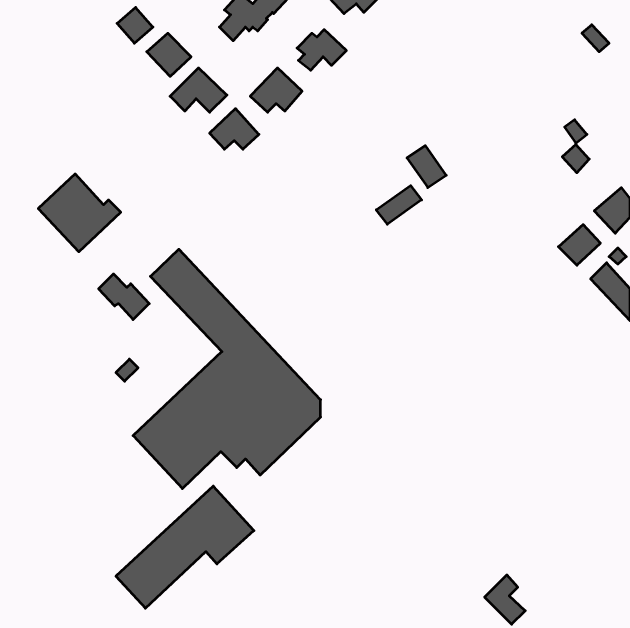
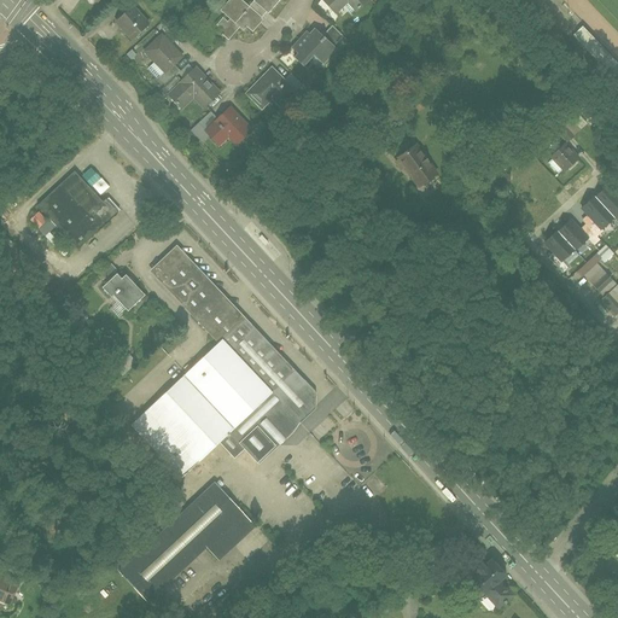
building: [376,186,422,224] -> none

